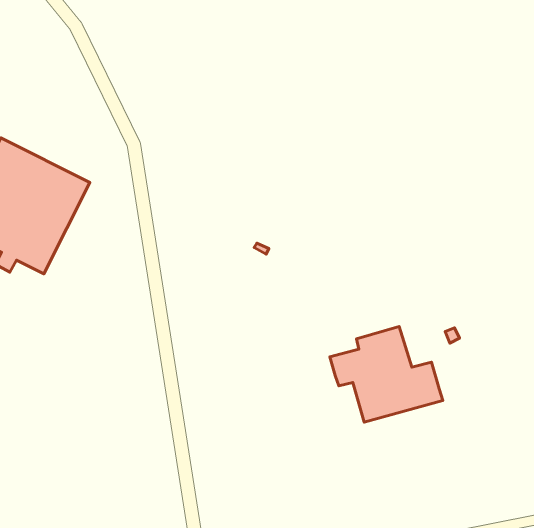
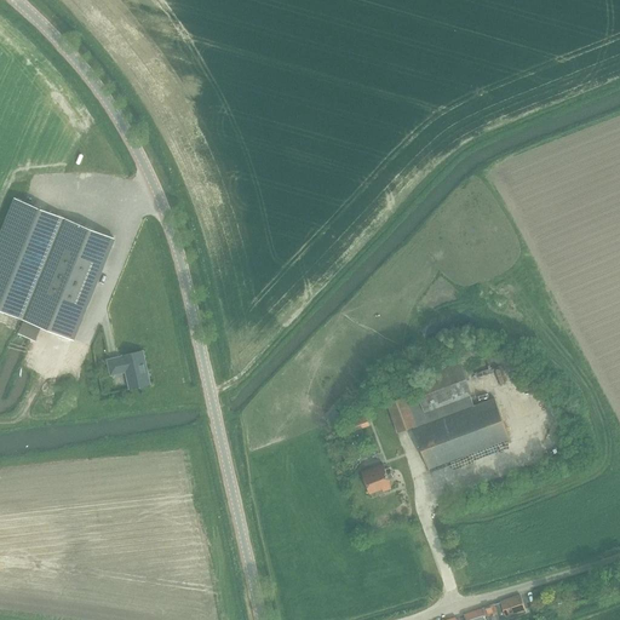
building: none -> [108,354,150,391]
building: none -> [362,469,392,495]

